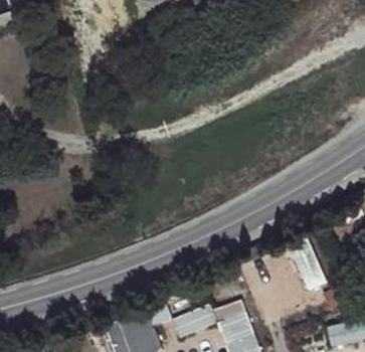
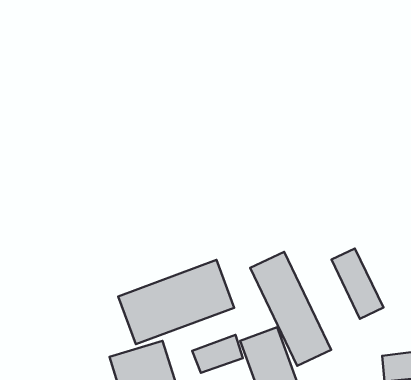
building: none -> [250,252,331,366]
building: none -> [118,260,234,344]

